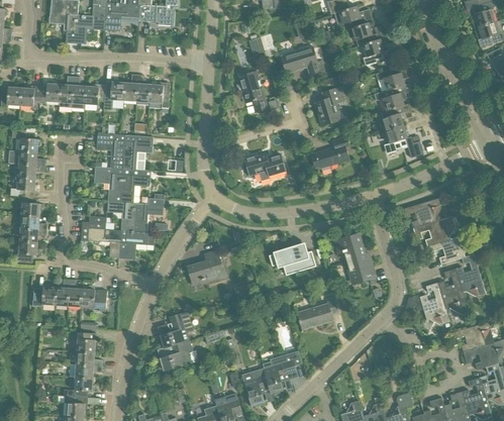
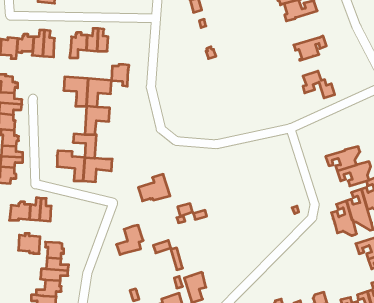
building: [281,46,324,74] -> none
building: [374,63,413,94] -> none
building: [235,71,267,111] -> none
building: [148,82,170,108] -> [111,64,129,86]
building: [84,84,105,104] -> none
building: [316,86,343,125] -> none
building: [381,103,412,131] -> none
building: [310,135,349,170] -> none
building: [243,151,286,181] -> none
building: [94,167,123,202] -> none
building: [133,198,164,231] -> none
building: [398,198,440,228] -> none
building: [334,233,375,280] -> none
building: [268,241,315,272] -> none
building: [80,286,106,310] -> [18,233,40,254]
building: [297,297,337,329] -> none
building: [160,339,197,370] -> none
building: [262,350,301,392] -> none

